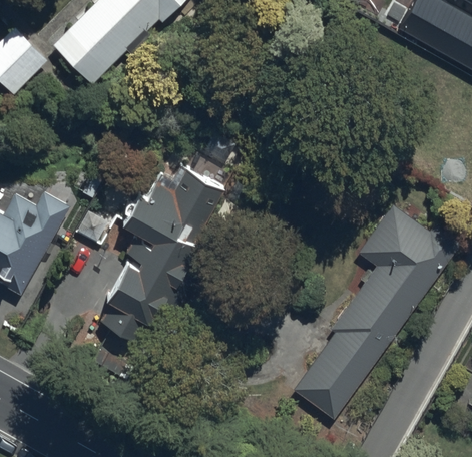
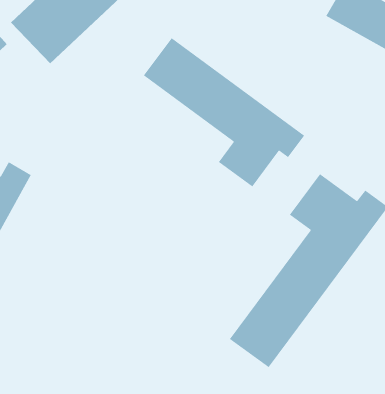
building: none -> [143,37,305,187]
building: [94,154,230,359] -> none

